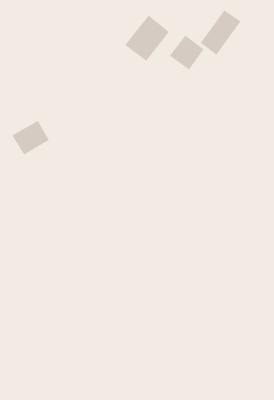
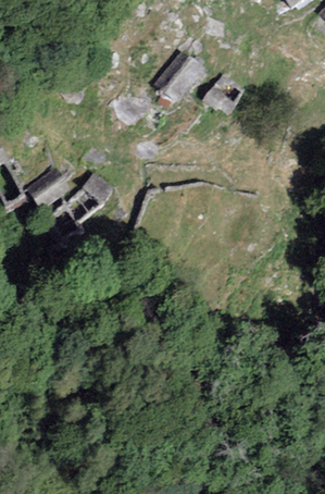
building: [200,10,242,56] -> none

